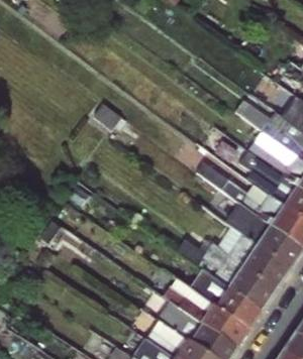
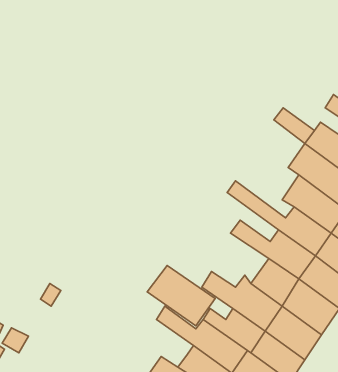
building: none -> [147,266,215,326]

